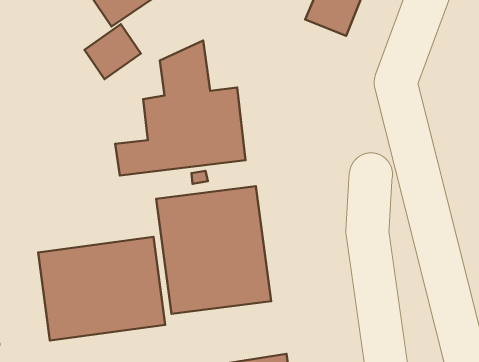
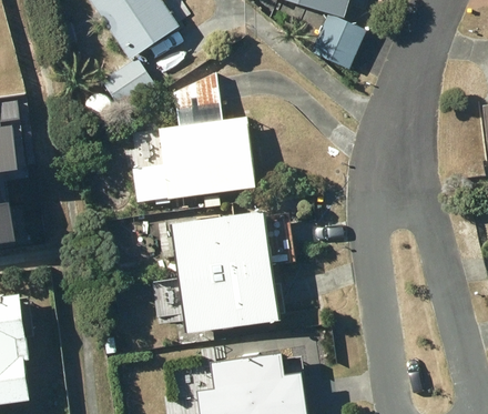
building: [38,237,165,340] -> none

